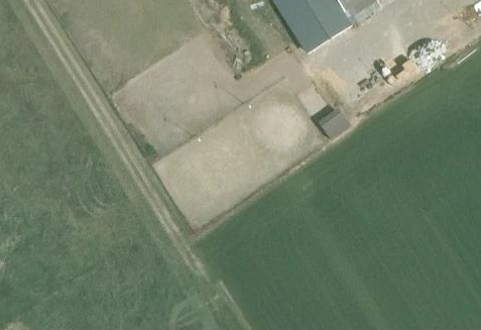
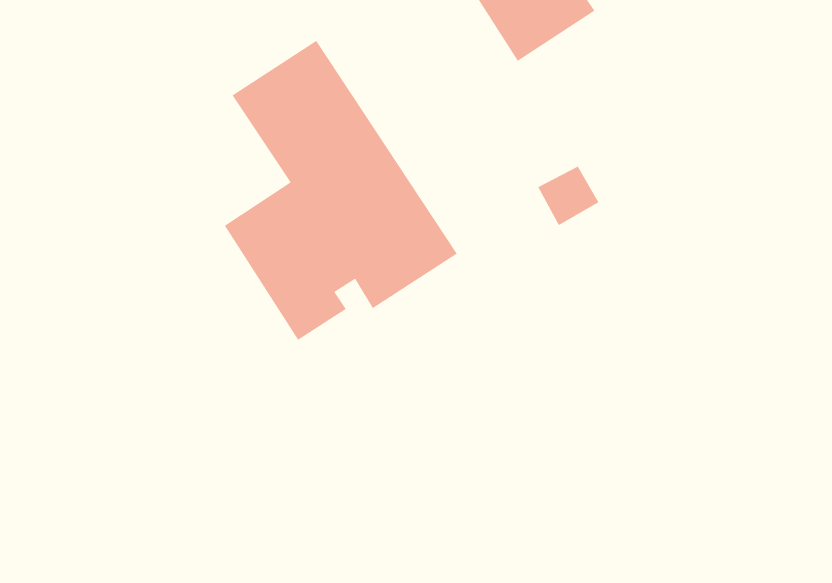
building: none -> [224,40,458,341]

